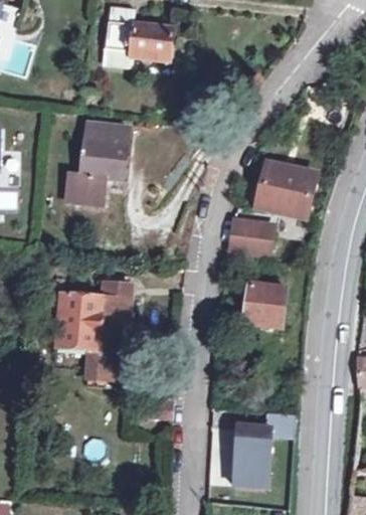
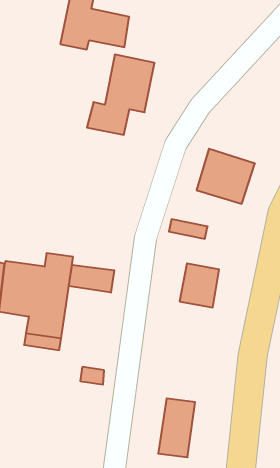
building: [62,122,129,205] -> [87,55,155,135]
building: [231,217,272,242] -> none
building: none -> [69,265,114,293]

